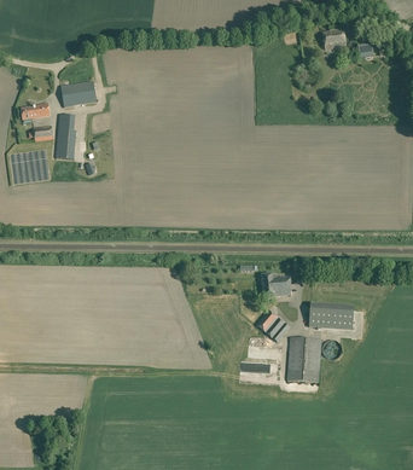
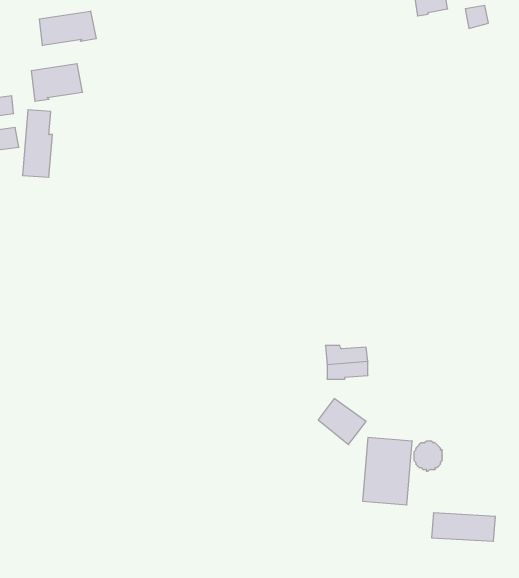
building: none -> [39,11,96,46]
building: [310,311,354,330] -> [432,513,495,541]

